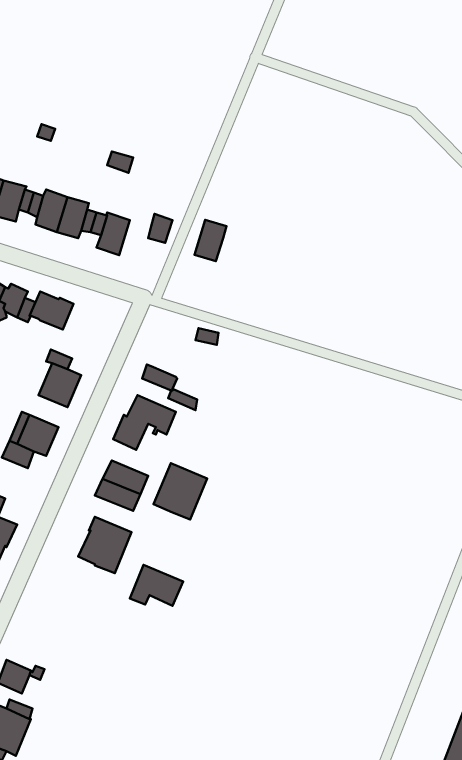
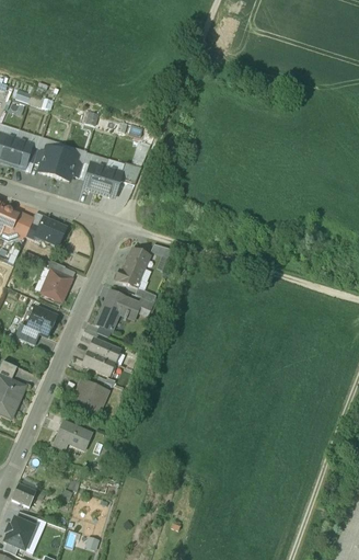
building: [194,220,226,261] -> [100,165,123,195]
building: none -> [123,248,150,278]
building: [154,463,207,520] -> none
building: [130,565,183,606] -> [54,421,92,450]

